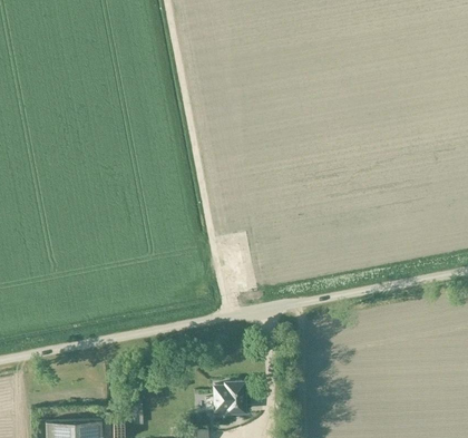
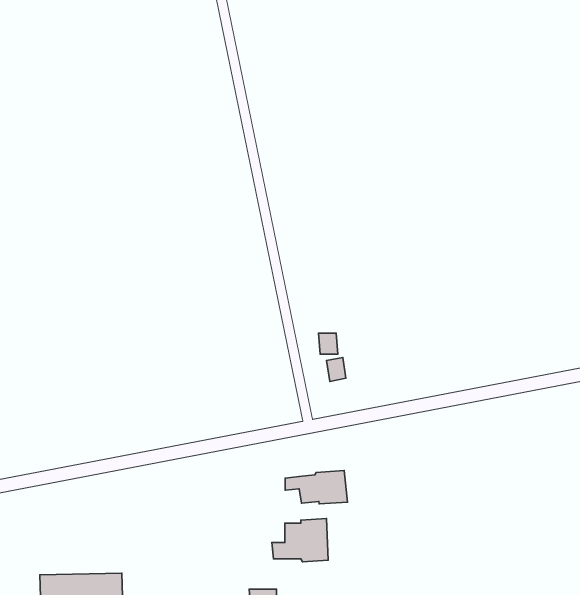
building: none -> [285,471,347,504]

